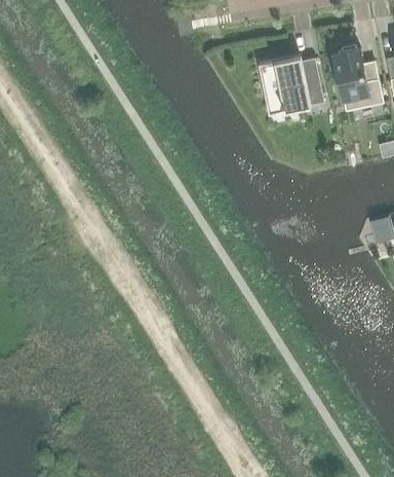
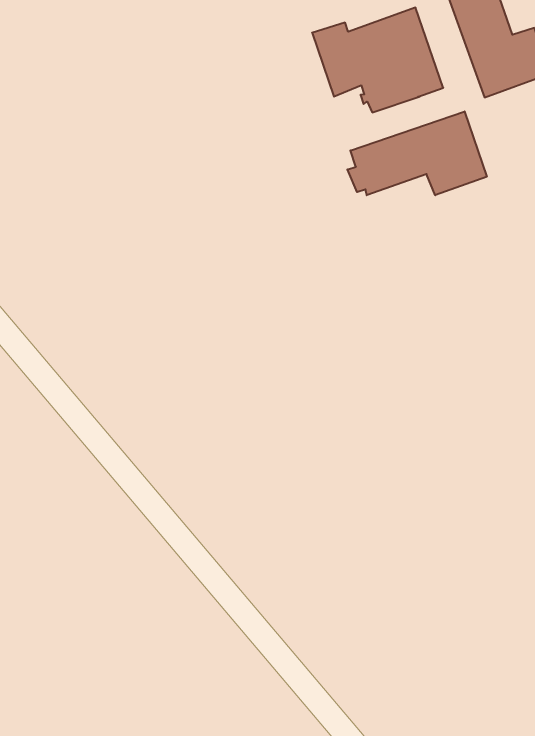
building: none -> [347,111,487,195]

